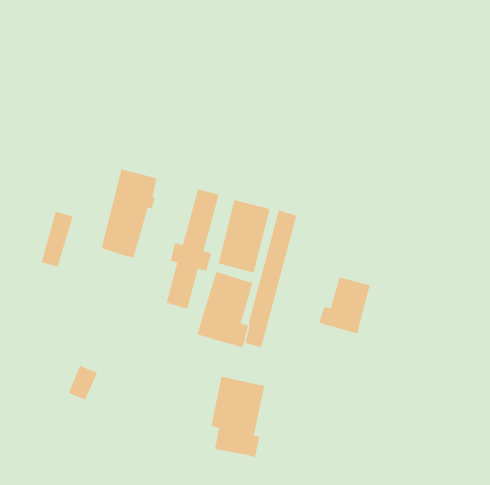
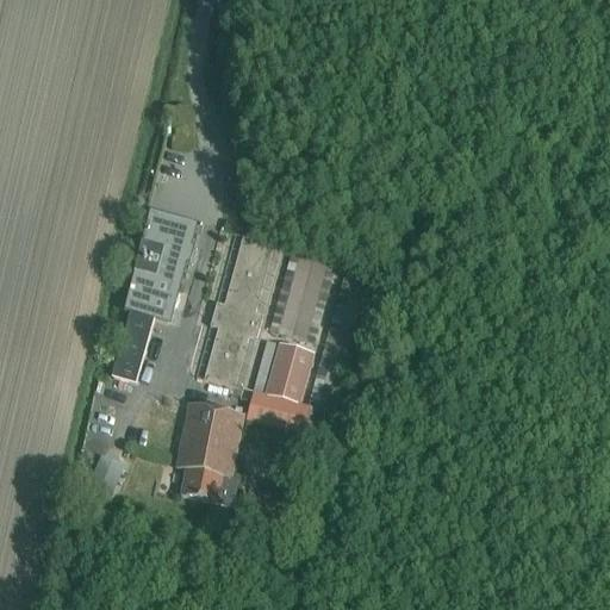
building: [41,211,74,267] -> [114,311,155,381]
building: [319,277,371,334] -> none
building: [210,376,265,458] -> [176,403,244,504]

